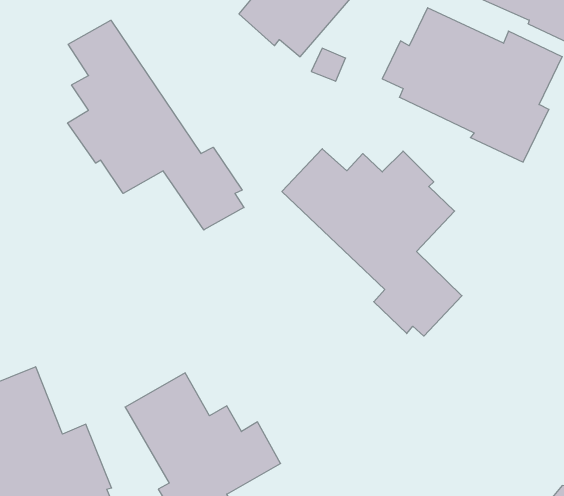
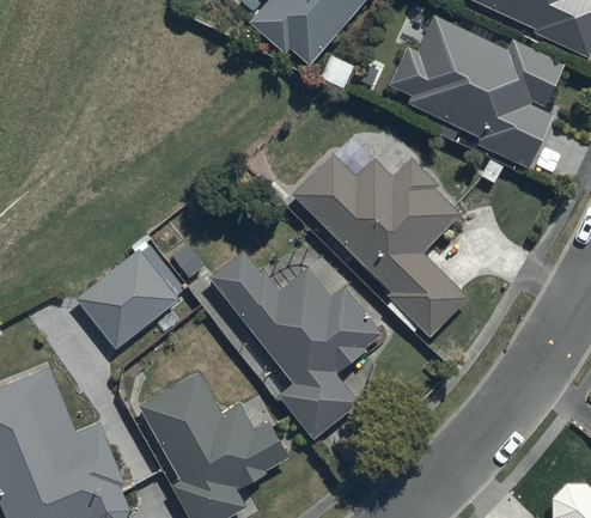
building: [68,20,244,230] -> none
building: none -> [74,242,185,351]
building: none -> [209,249,382,439]

